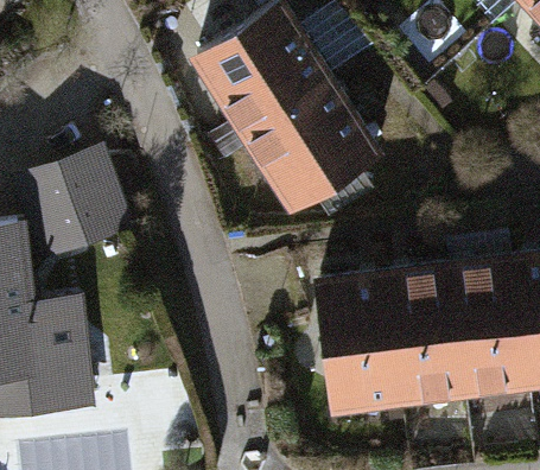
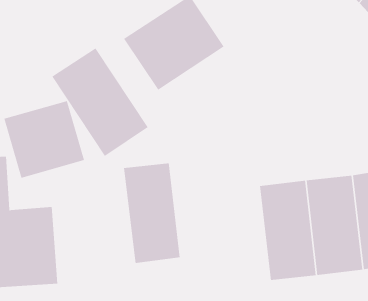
building: [235,70,379,207] -> none
building: none -> [51,48,148,157]
building: [313,269,395,413] -> [123,163,180,263]

